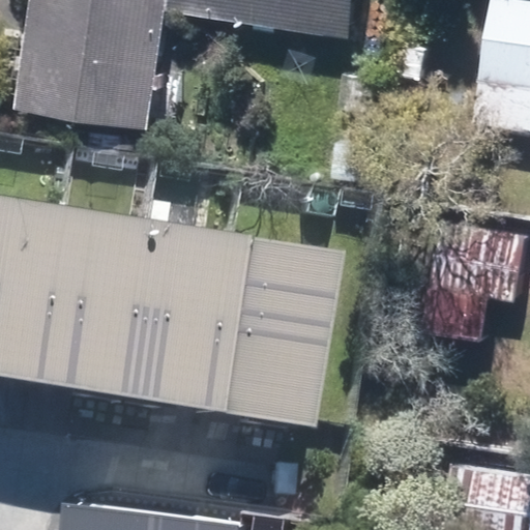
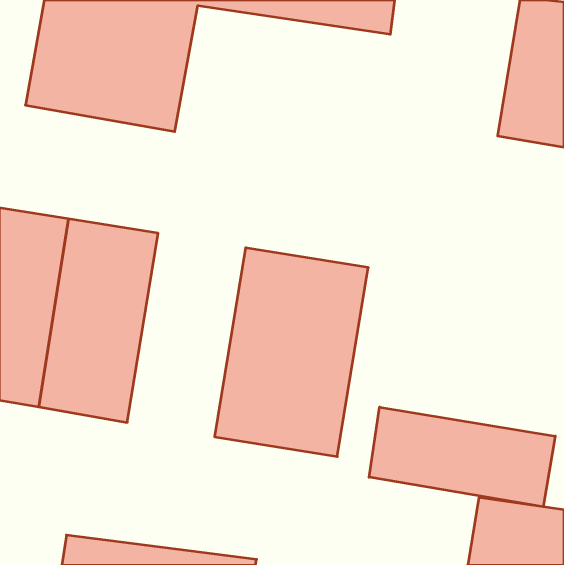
building: [119,218,230,409] -> none
building: [418,223,523,345] -> none
building: none -> [369,407,555,507]

